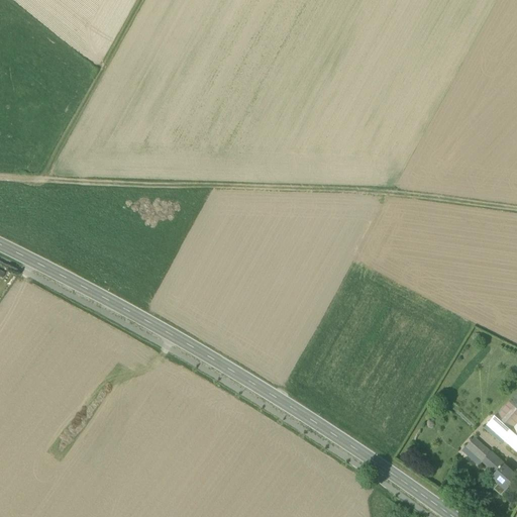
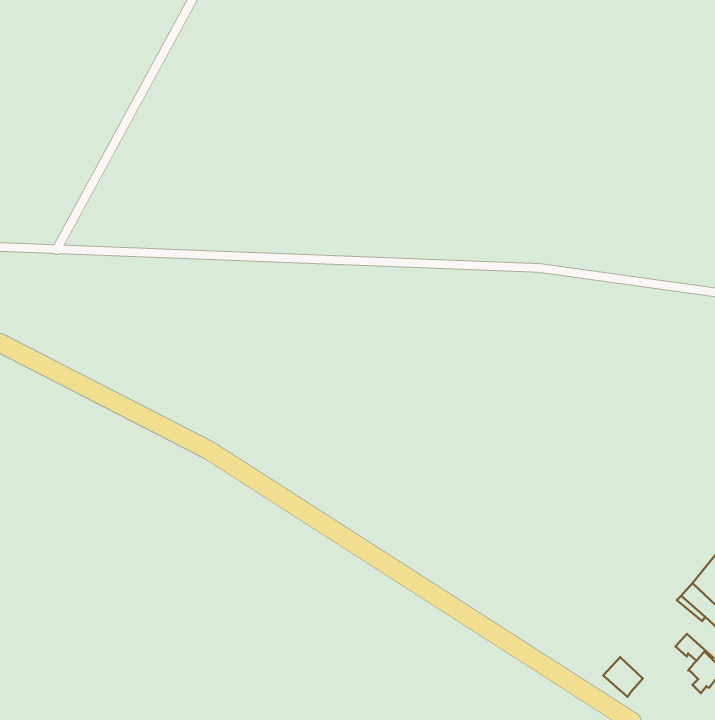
building: [468,439,496,468] -> [603,657,643,697]

